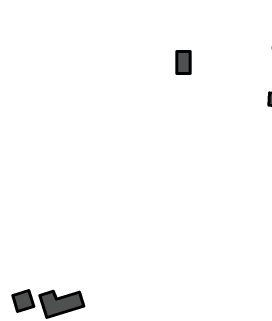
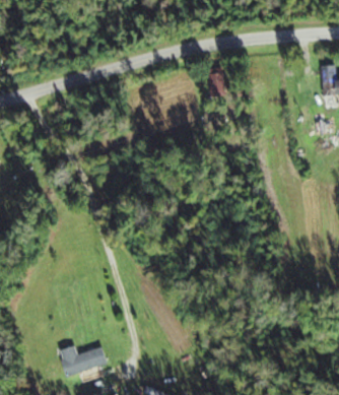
building: [13,291,34,312] -> none

